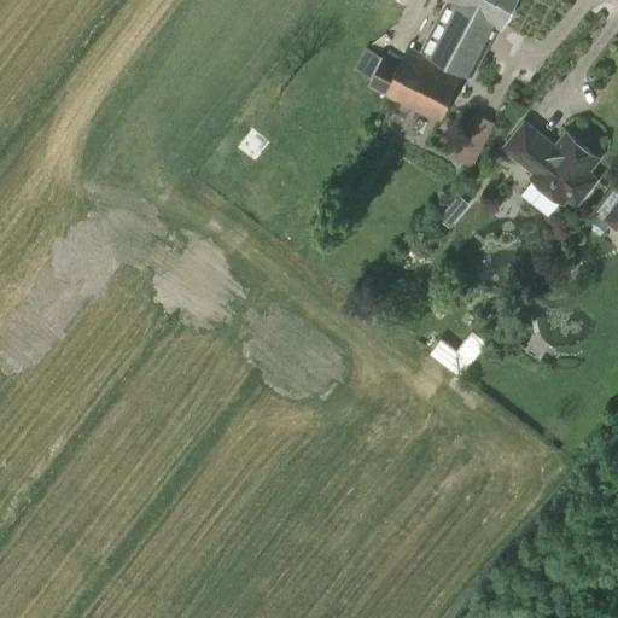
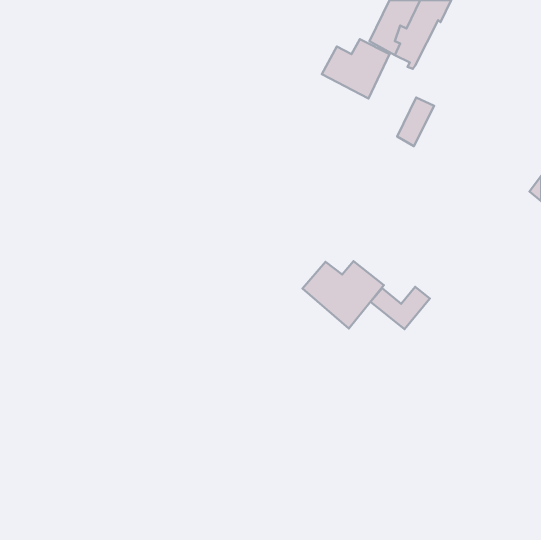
building: [420,63,465,123] -> none
building: [502,121,599,206] -> none
building: none -> [303,261,384,329]

